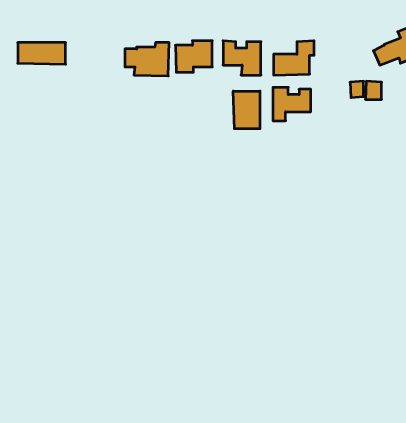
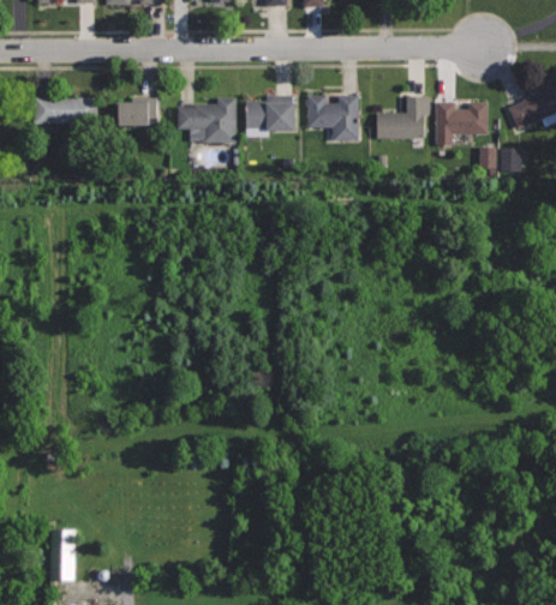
building: none -> [119,96,159,125]
building: [273,87,311,121] -> [436,100,486,144]
building: [233,91,260,129] -> none
building: none -> [55,529,73,581]

